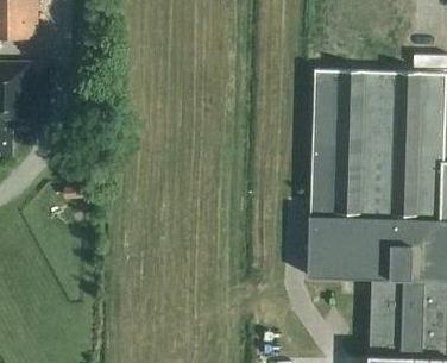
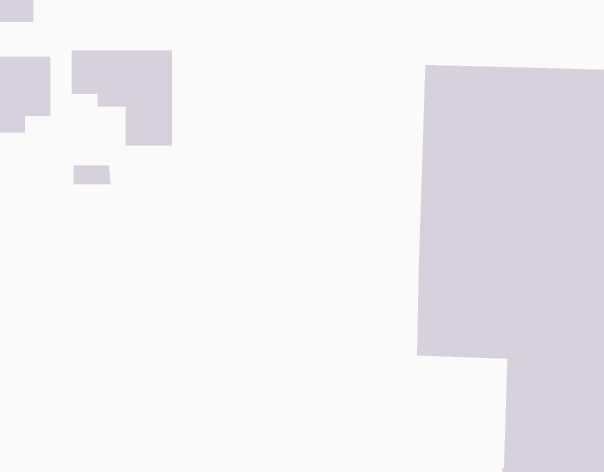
building: none -> [71,50,172,146]

